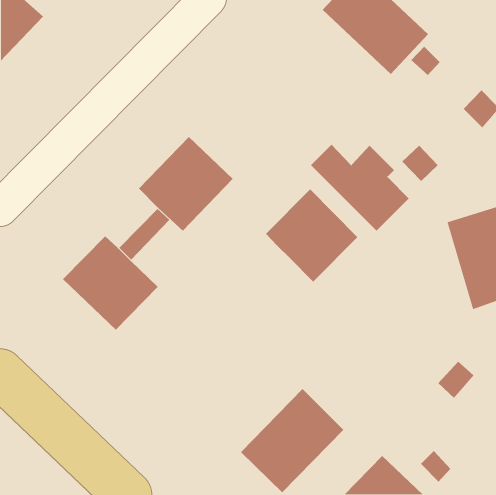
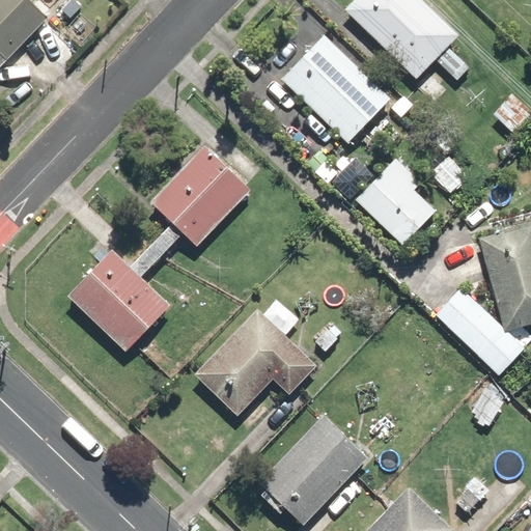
building: none -> [281,36,391,145]
building: [265,189,358,282] -> none
building: none -> [436,289,524,376]
building: none -> [192,308,315,417]

